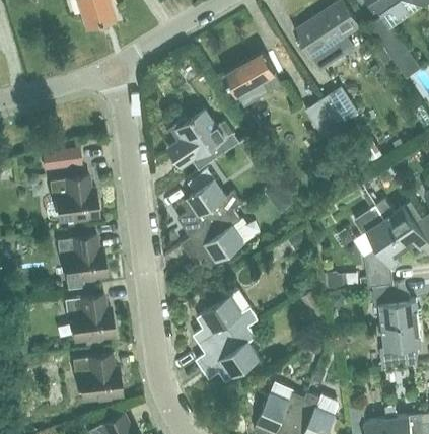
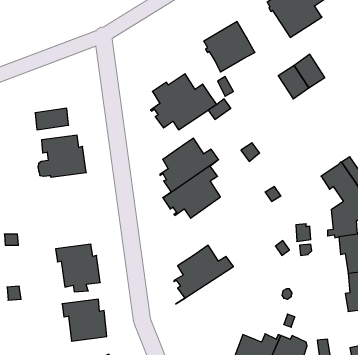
building: [56,235,104,281] -> none
building: [195,318,259,381] -> none

